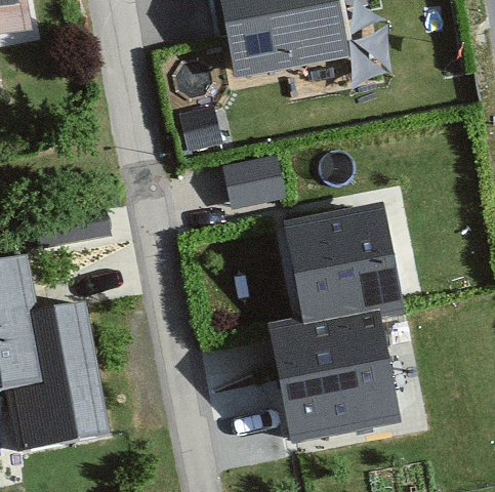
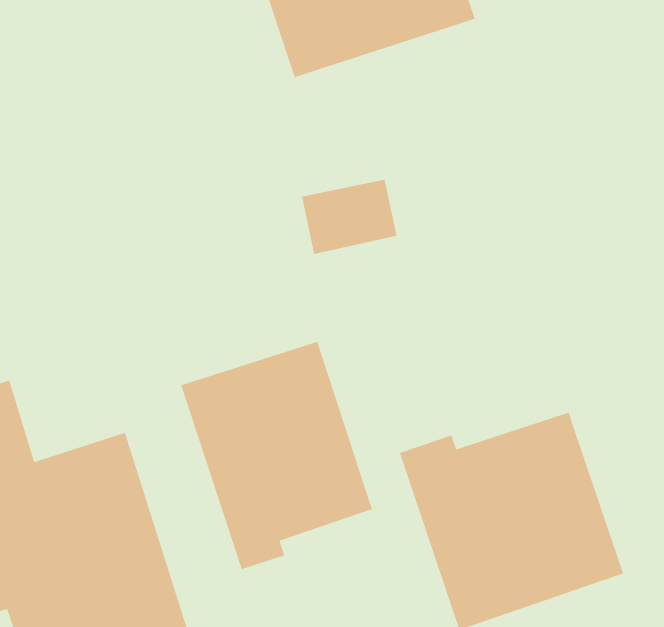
building: [283,204,403,328] -> none
building: none -> [180,341,373,570]

